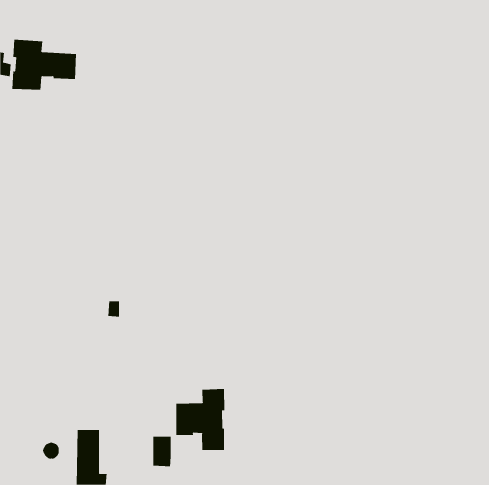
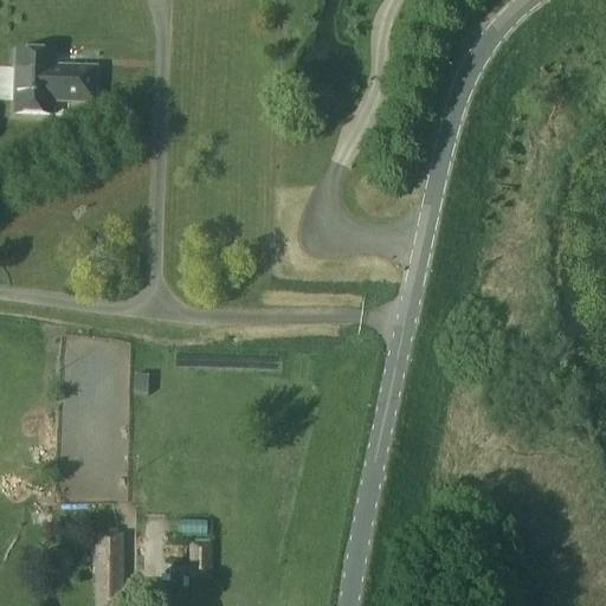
building: [176,388,225,451] -> none

